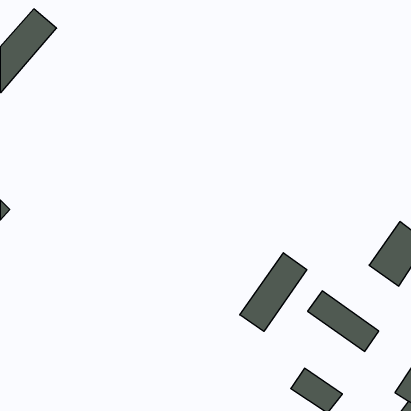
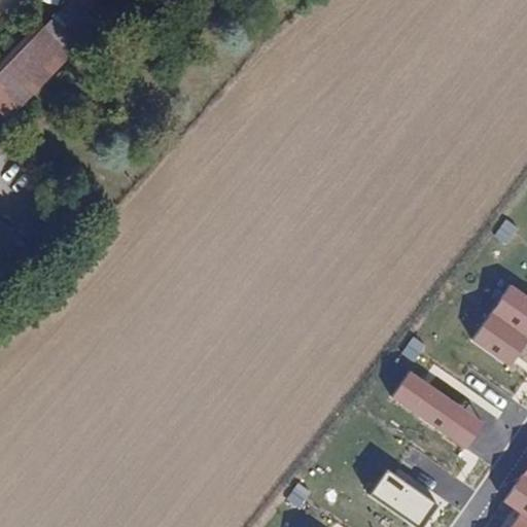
building: [240,253,307,331] -> none

